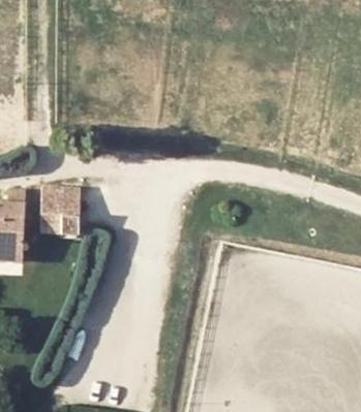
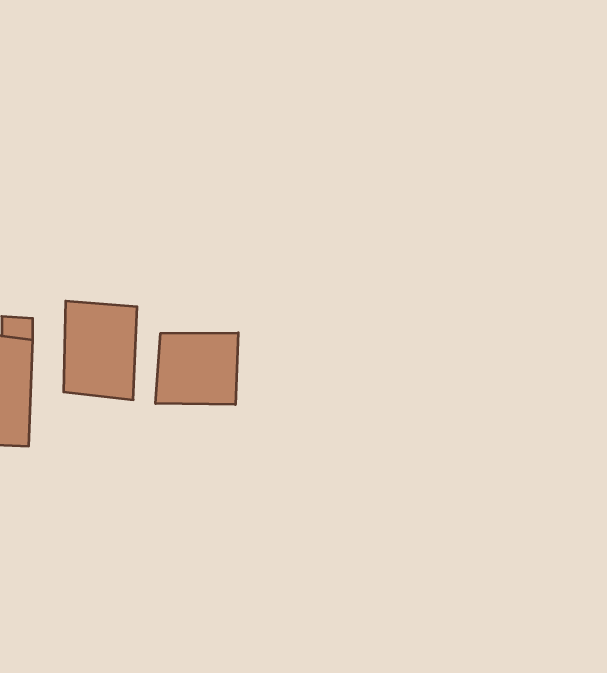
building: none -> [156,333,238,405]

